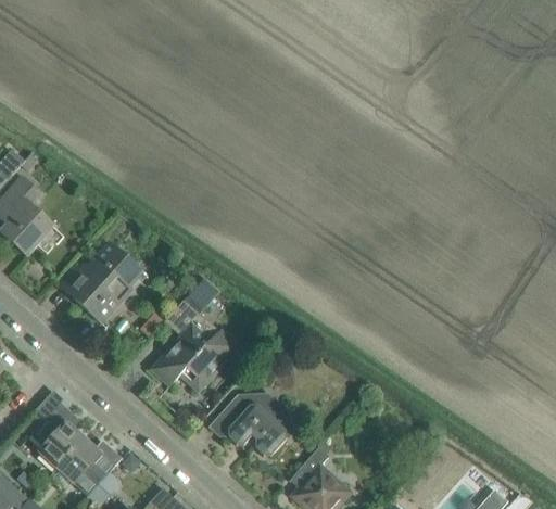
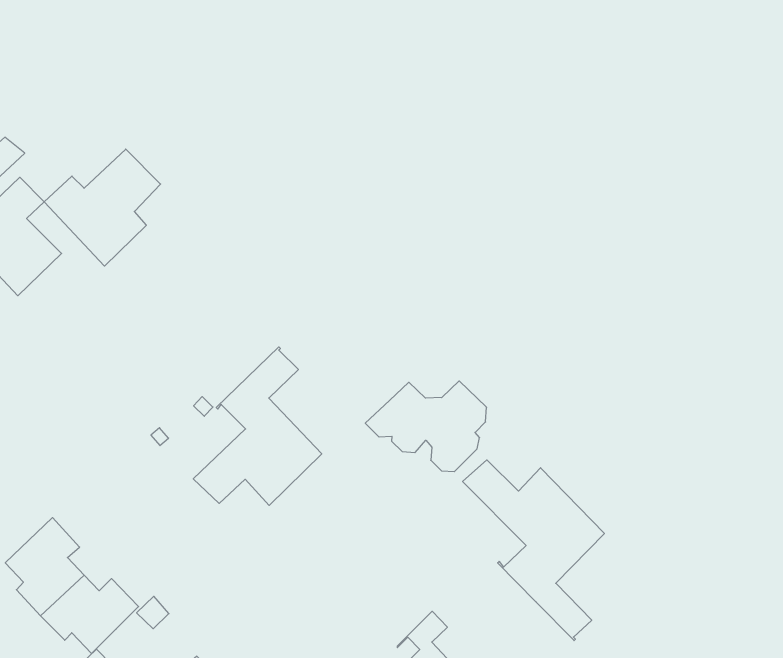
building: [58,244,135,323] -> [44,149,161,266]
building: none -> [463,460,604,641]
building: [210,395,290,456] -> [365,381,487,472]

